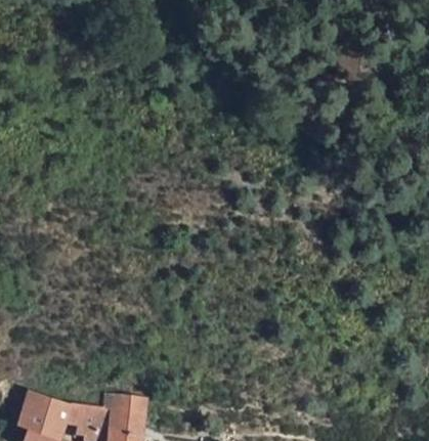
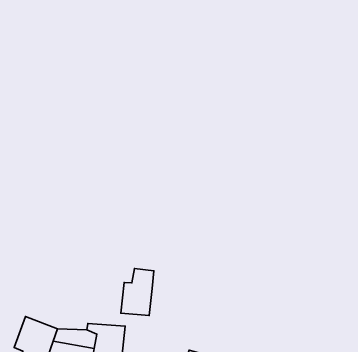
building: none -> [121,268,154,316]

